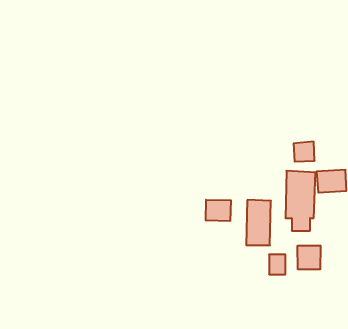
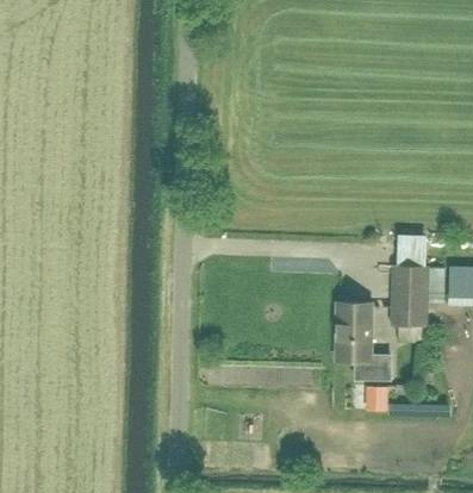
building: [206,200,231,221] -> none
building: [298,246,321,269] -> none

